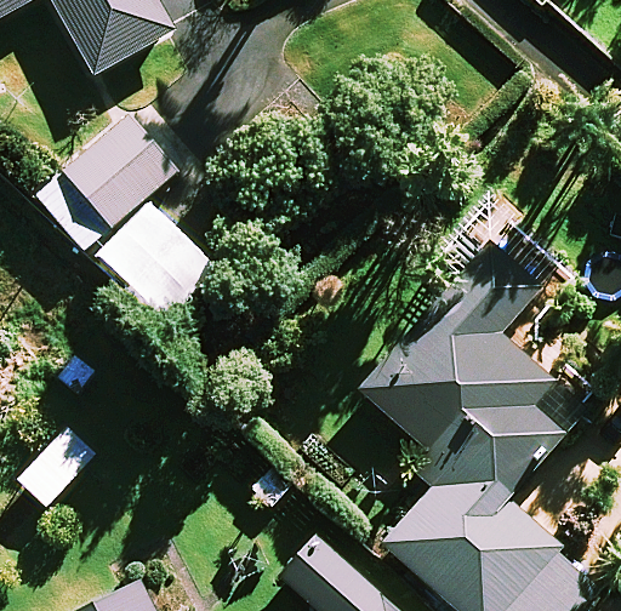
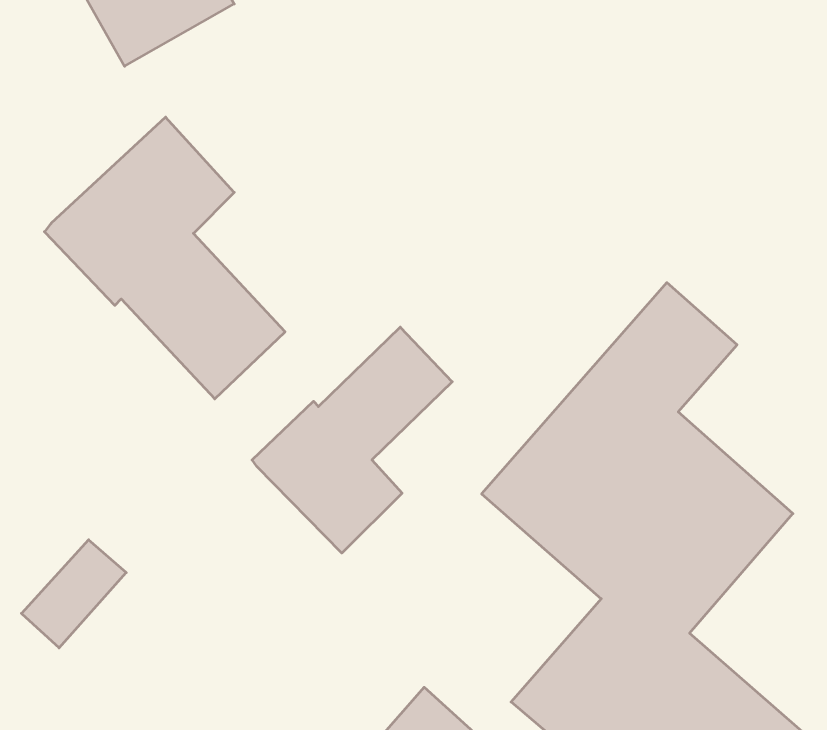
building: none -> [252,327,452,553]

